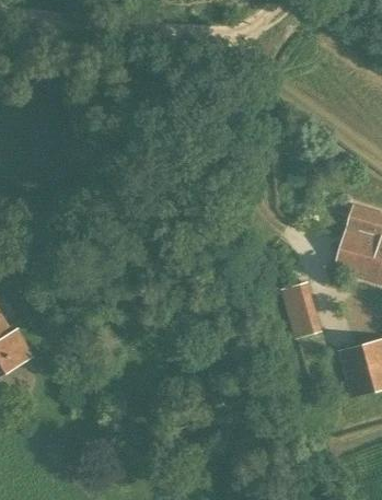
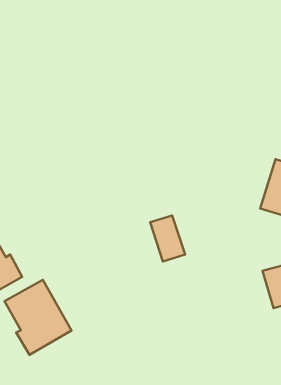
building: [282,278,327,337] -> [150,215,185,261]
building: none -> [5,280,72,355]

